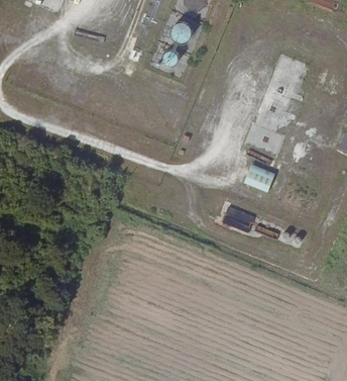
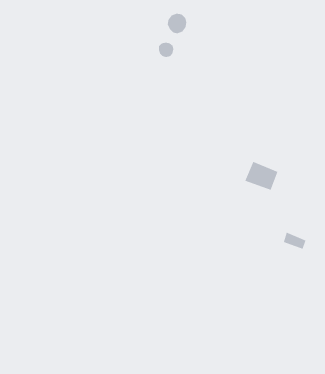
building: [223,206,254,231] -> none

